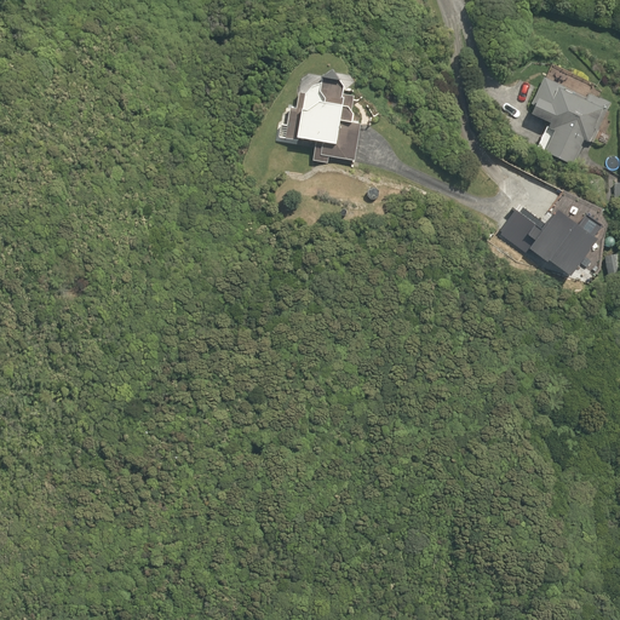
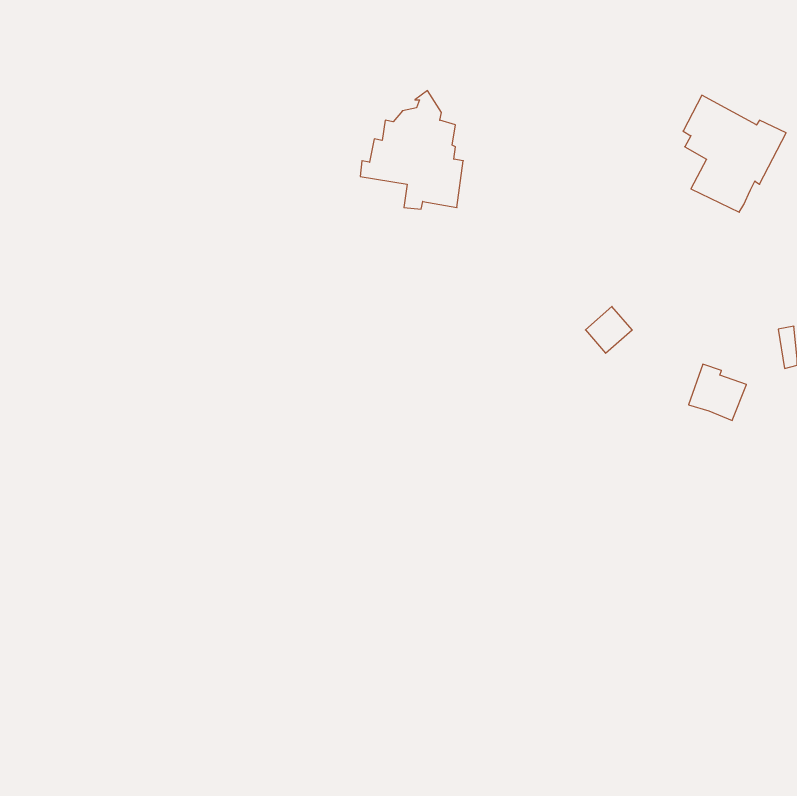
building: [501,208,538,245] -> [585,306,632,353]
building: [540,218,585,262] -> [689,364,746,420]

